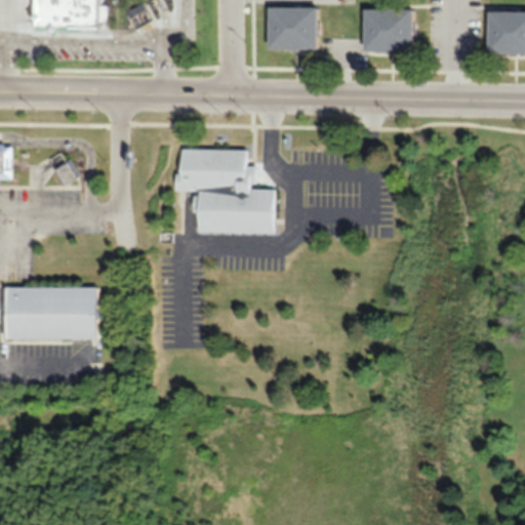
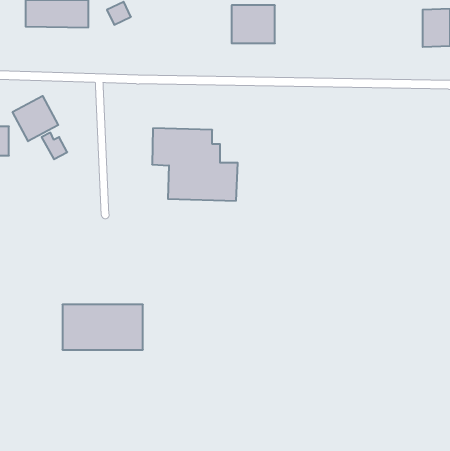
building: [364,9,414,52] -> none
building: none -> [13,96,58,141]
building: [4,287,97,339] -> [62,305,143,350]

